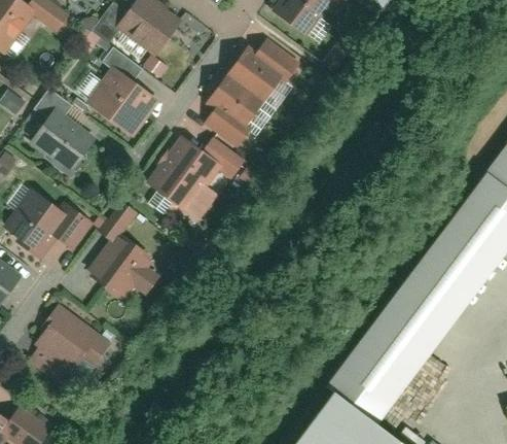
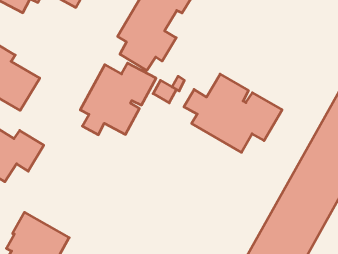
building: [78,44,158,141] -> none
building: none -> [184,74,282,152]
building: [83,201,158,299] -> none

